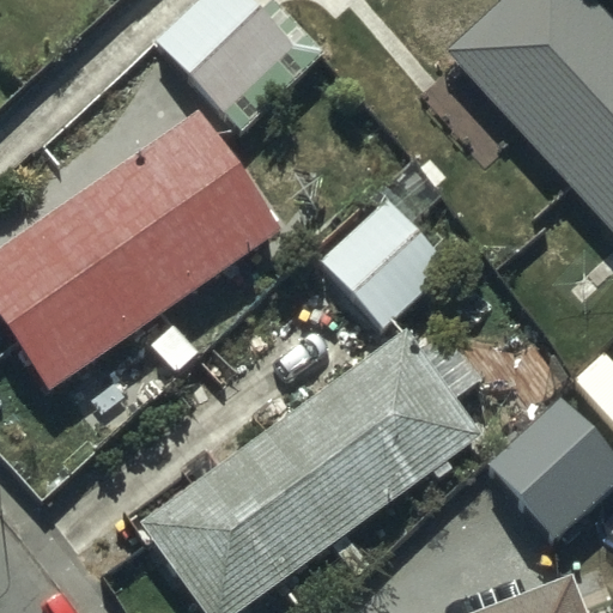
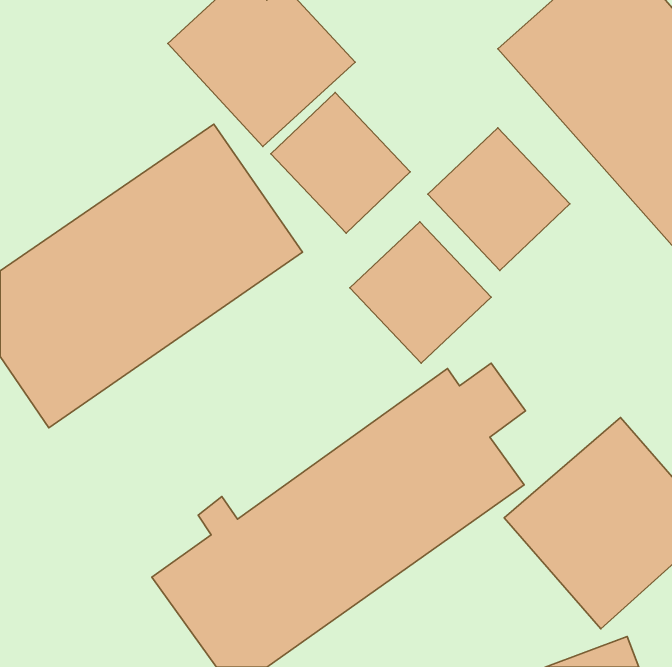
building: none -> [271,93,410,233]
building: none -> [428,128,570,270]

